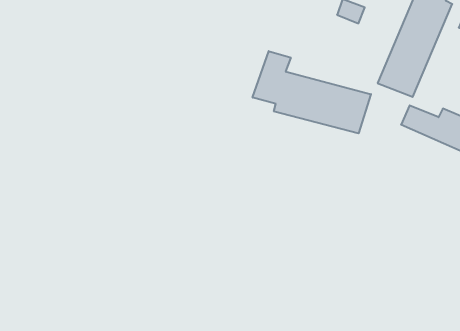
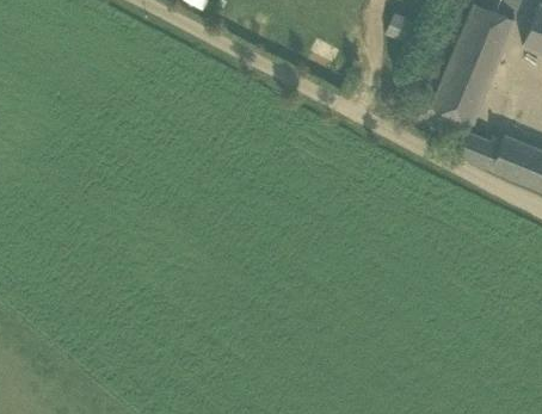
building: [253,51,371,133] -> none

